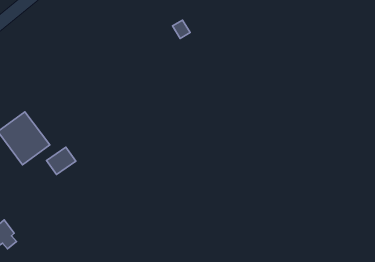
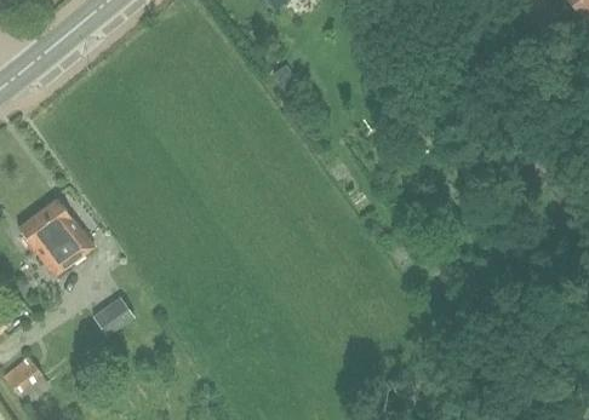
building: [47,147,76,174] -> [93,297,136,336]

